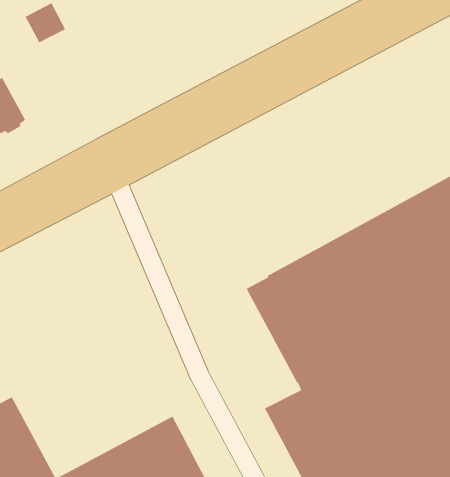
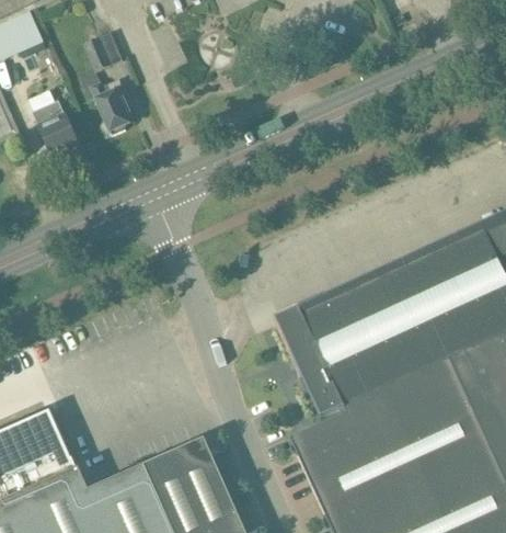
building: none -> [92,80,138,136]

